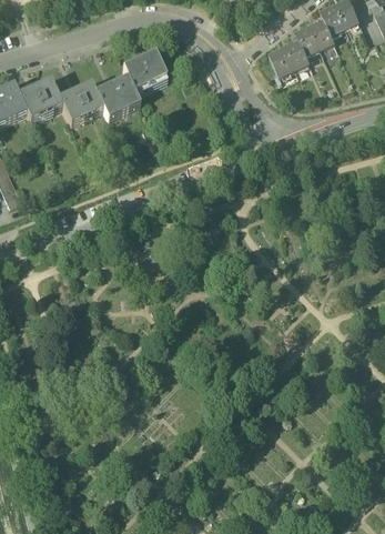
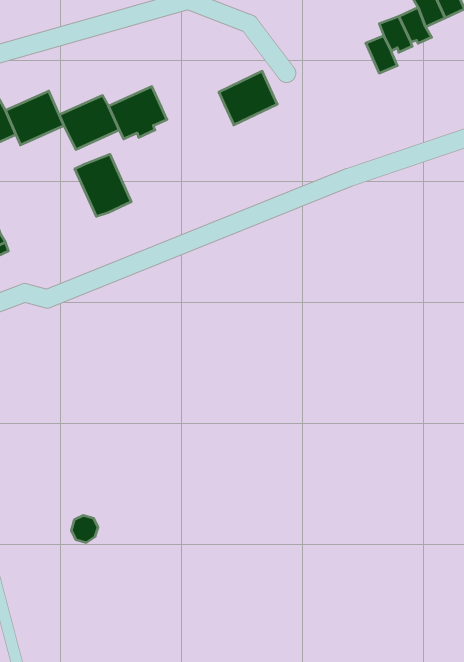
building: [269,46,295,75] -> none
building: [122,52,165,92] -> [219,71,277,125]
building: none -> [75,154,131,216]

